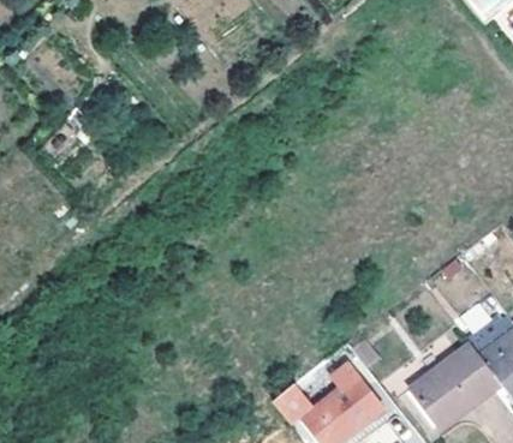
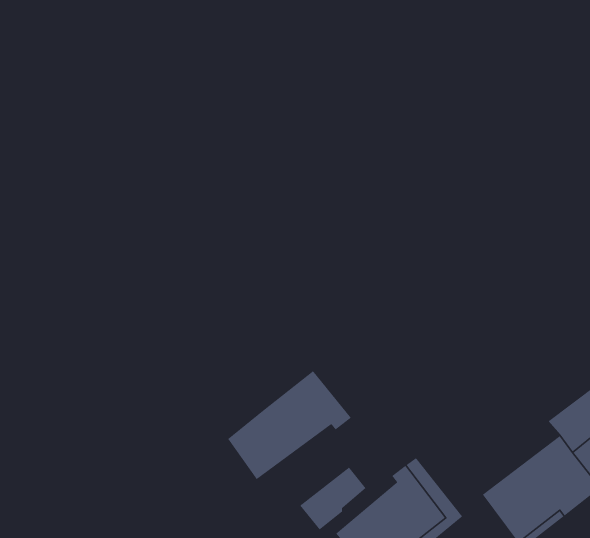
building: none -> [227,370,352,480]

